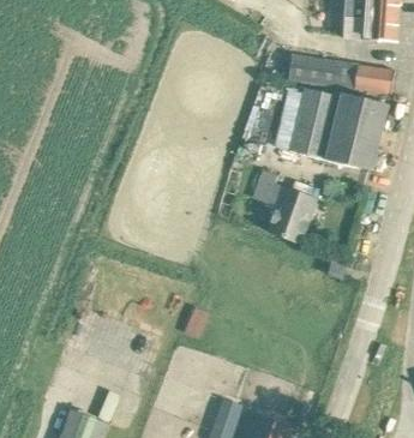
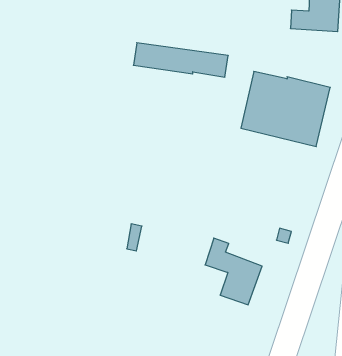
building: [288,55,394,94] -> [133,43,228,77]
building: [252,168,316,242] -> [205,238,262,305]

